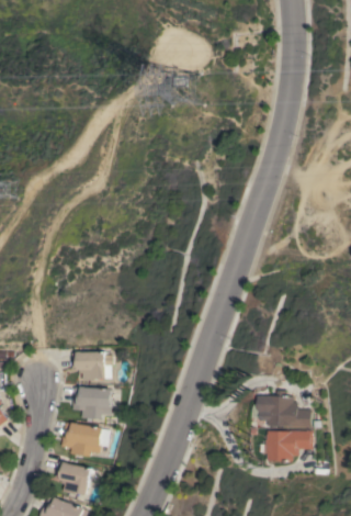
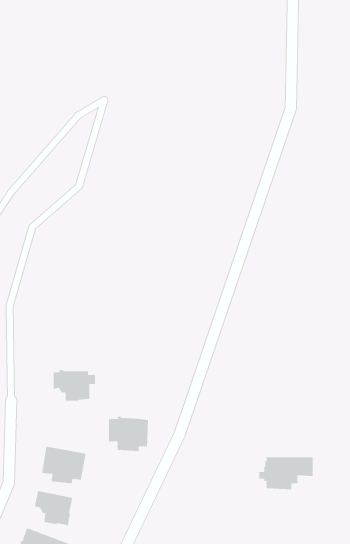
building: [73,386,111,419] -> [108,416,149,452]
building: [253,390,310,428] -> none

